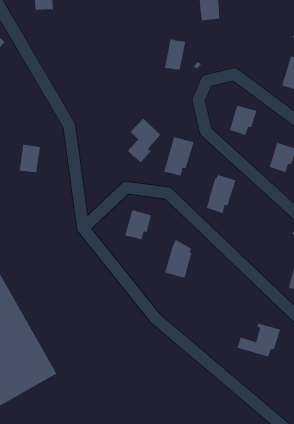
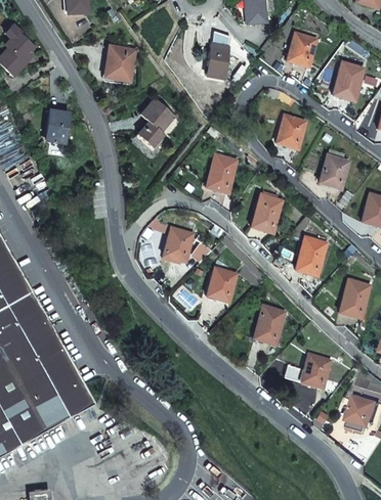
building: none -> [287,32,318,65]
building: none -> [108,45,136,82]
building: [127,118,161,163] -> [137,98,174,147]
building: [19,144,41,173] -> [46,110,70,142]
building: none -> [296,232,328,274]
building: none -> [254,305,287,343]

